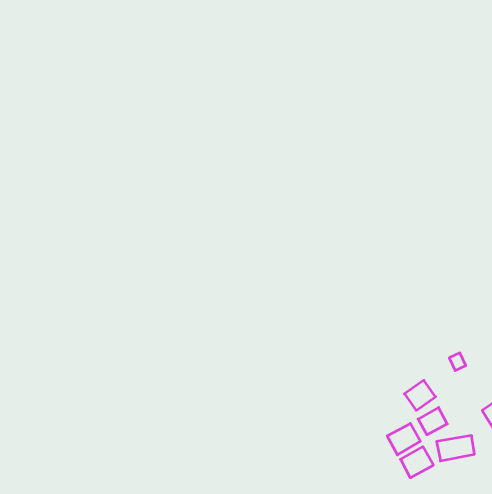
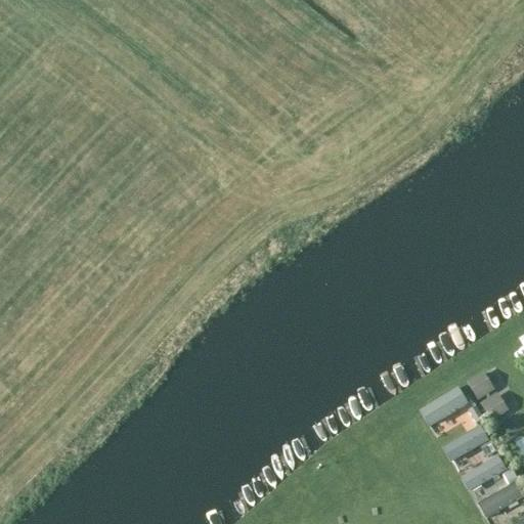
building: [387,423,420,455] -> none
building: [400,447,433,478] -> [478,482,513,515]

